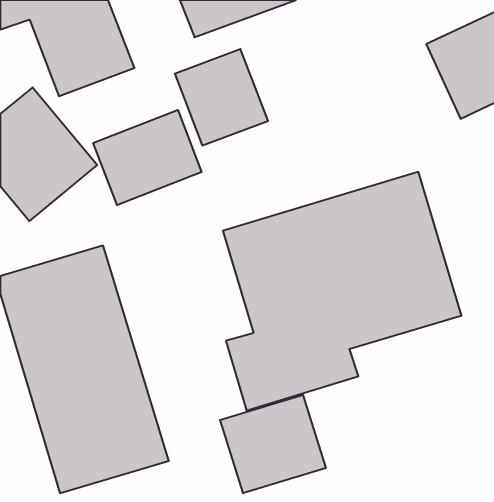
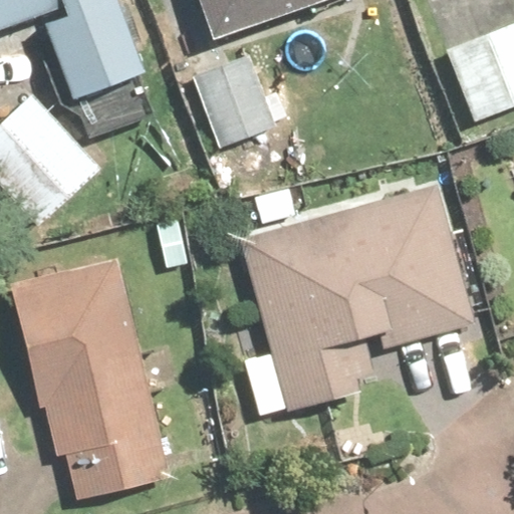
building: [93,110,202,205] -> none
building: [220,395,326,493] -> none

